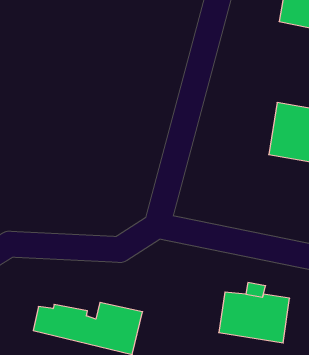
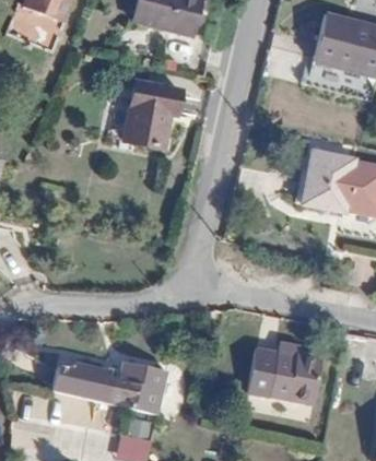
building: none -> [129,76,184,142]

